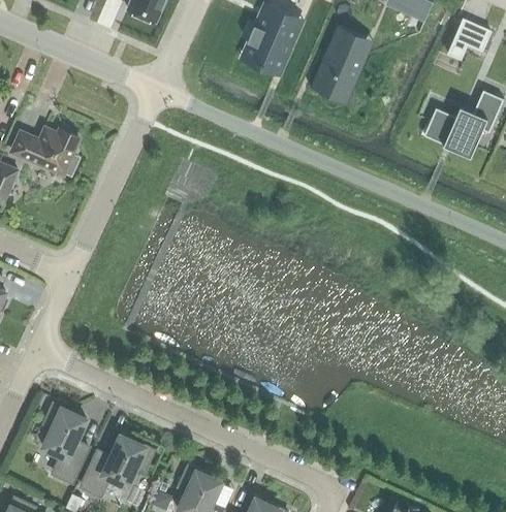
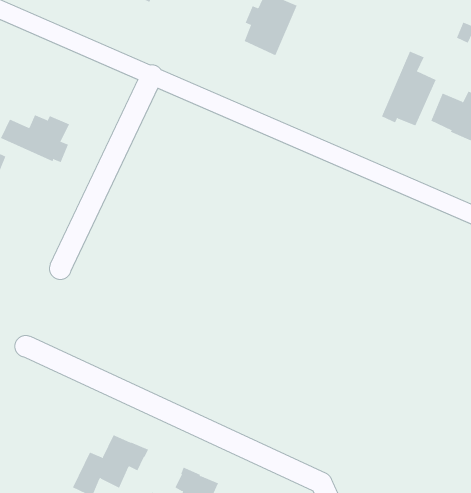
building: [311,25,363,97] -> [381,51,436,126]
building: [43,404,89,482] -> none

